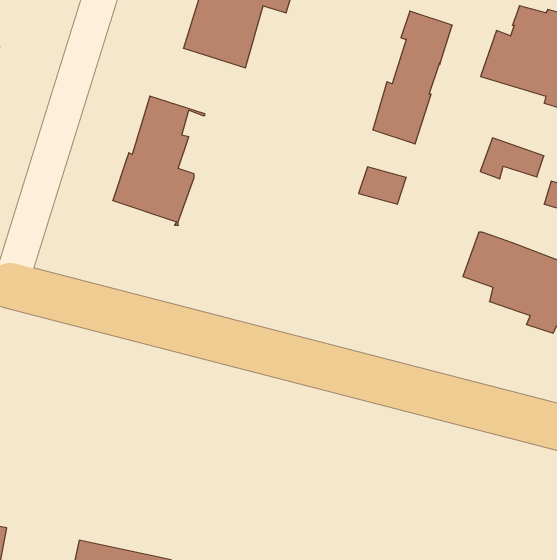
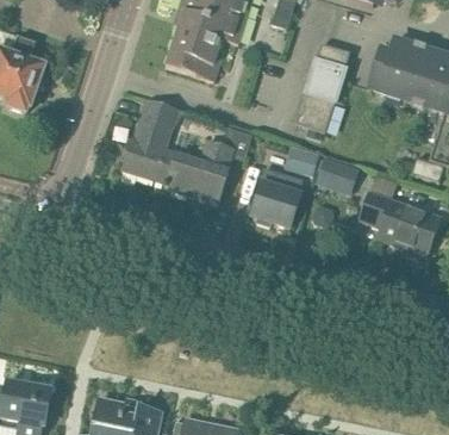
building: [480,138,544,179] -> [314,156,357,184]
building: none -> [166,129,252,204]
building: none -> [252,167,303,226]

